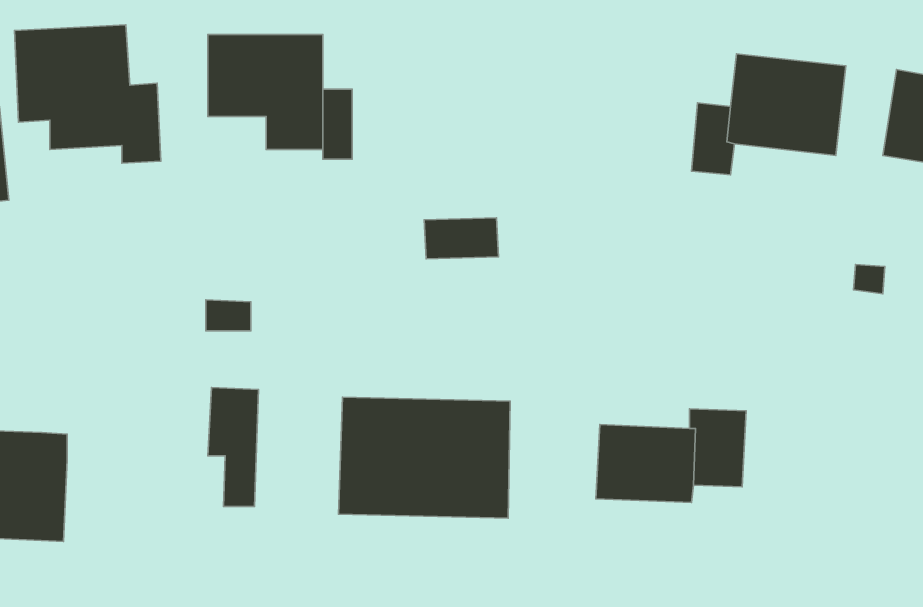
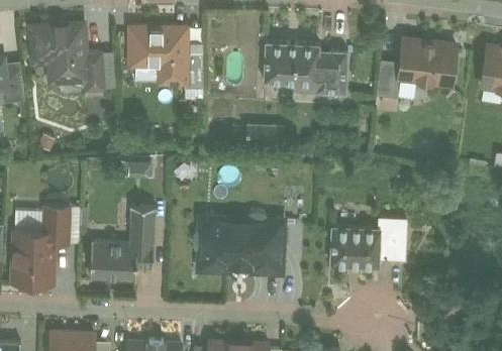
building: none -> [263,42,346,93]
building: none -> [41,206,70,245]
building: none -> [90,242,136,281]

